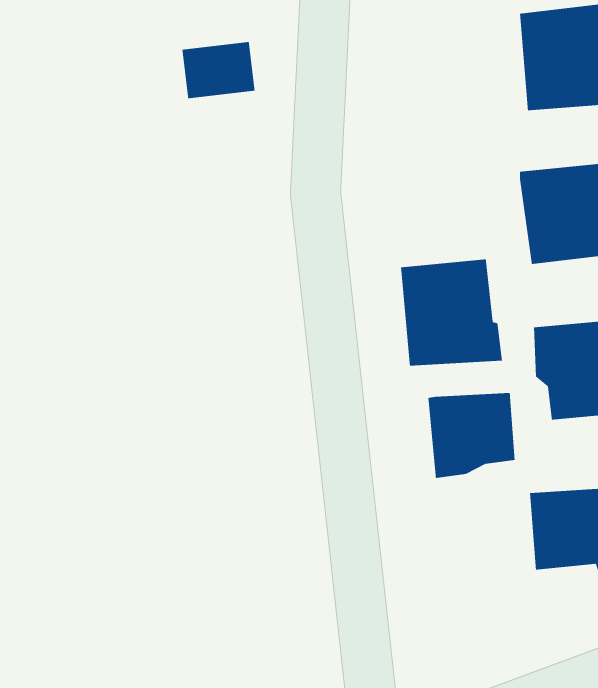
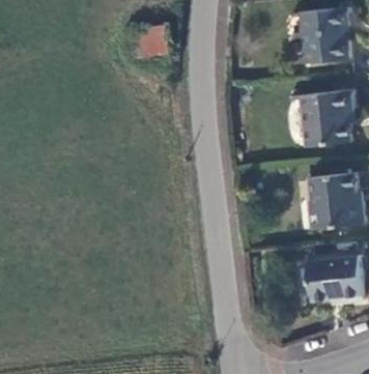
building: [400,259,503,367] -> none
building: [428,392,515,479] -> none

